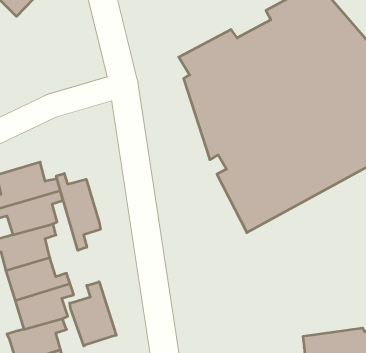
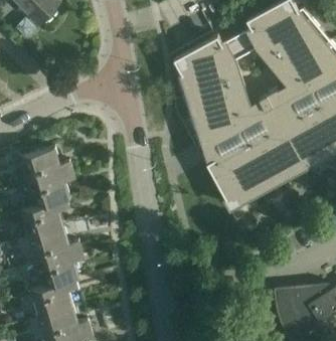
building: [56,173,100,250] -> none
building: [70,282,116,346] -> none

